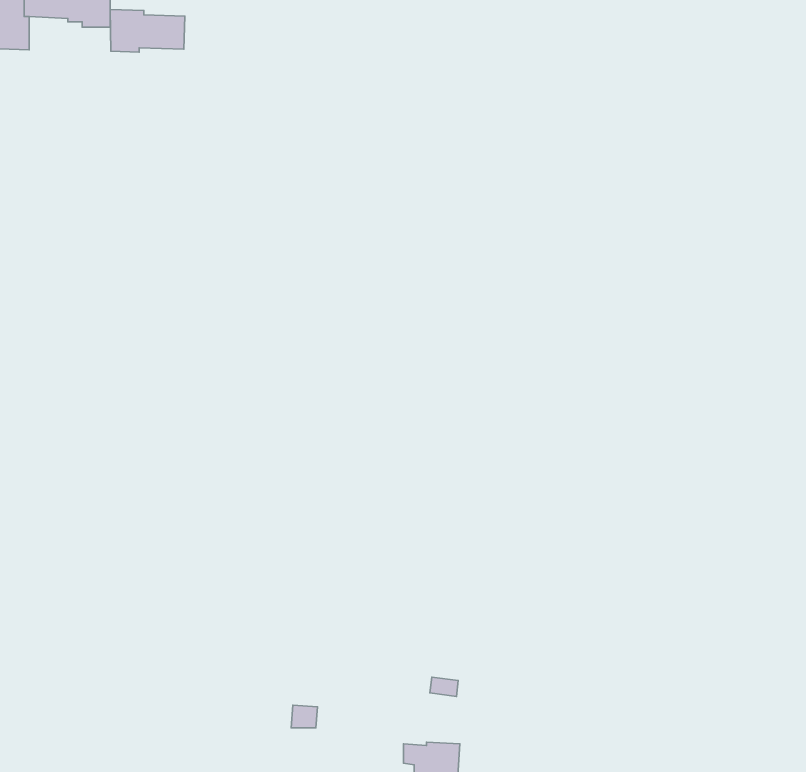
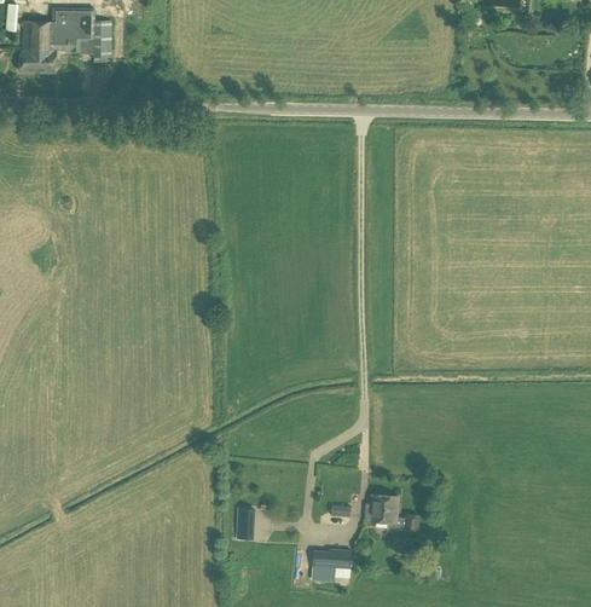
building: [110,9,185,52] -> none
building: none -> [369,495,417,530]

